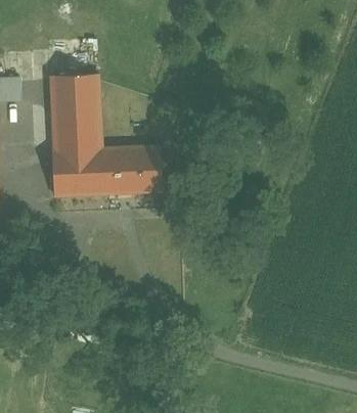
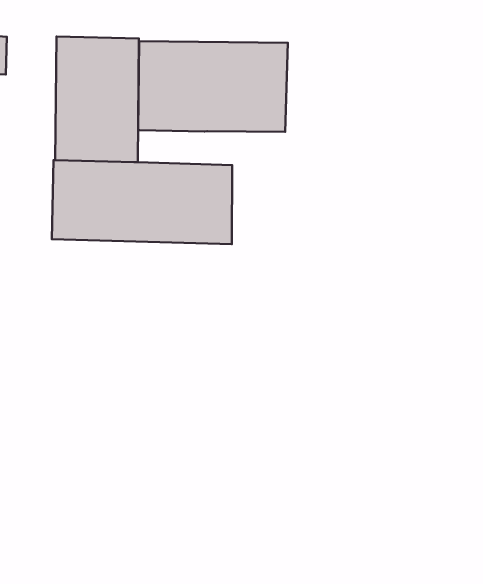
building: none -> [138,41,288,132]

